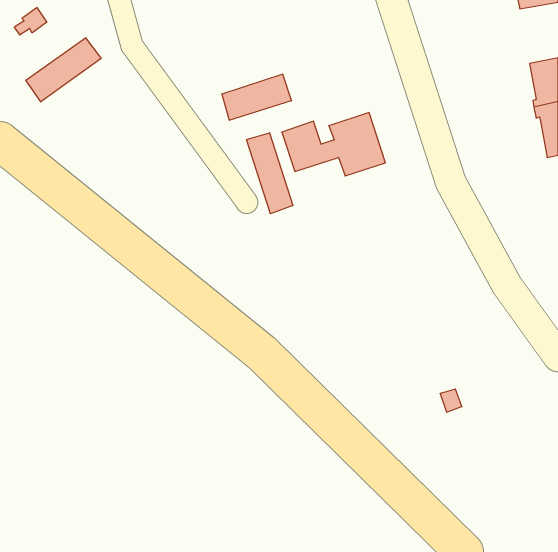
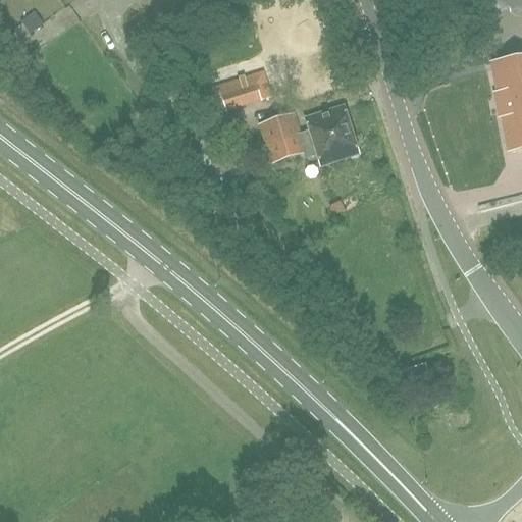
building: [26,38,101,102] -> none
building: [246,133,293,214] -> none

